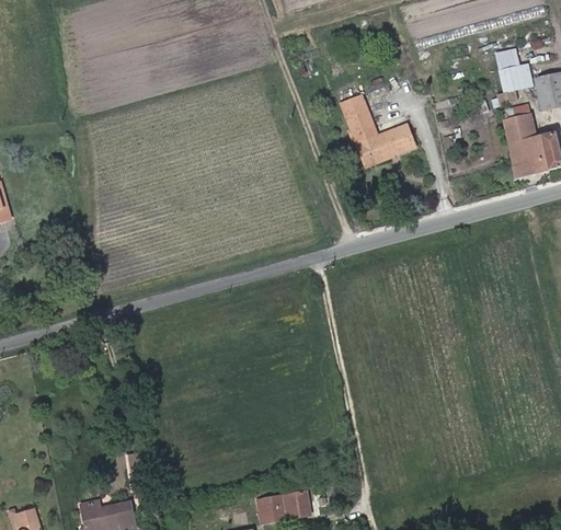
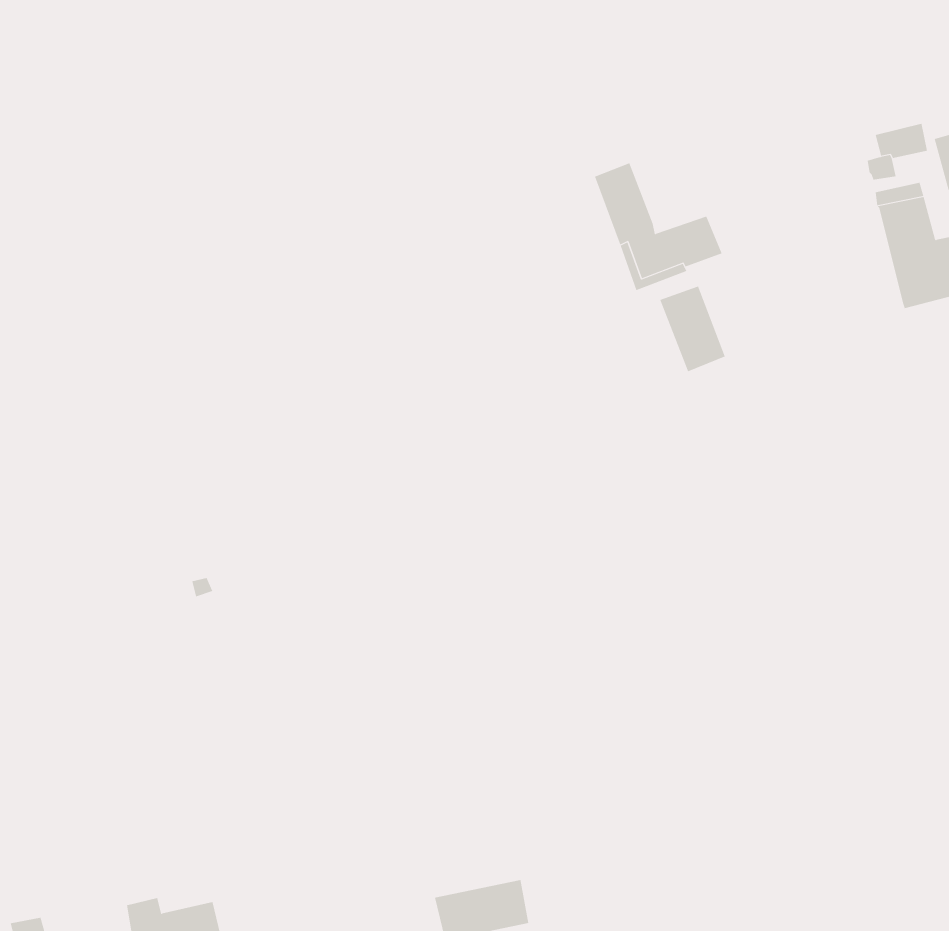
building: [494,50,526,78] -> none
building: none -> [660,285,726,372]

